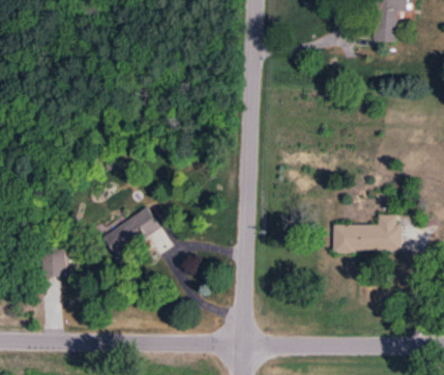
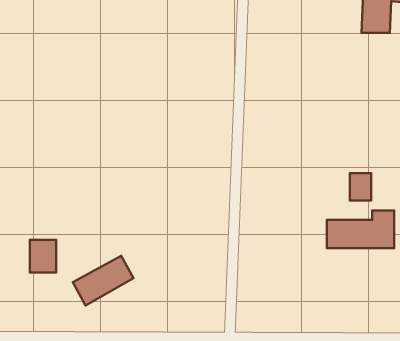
building: none -> [350,173,371,201]
building: [101,209,161,258] -> [73,256,134,305]

